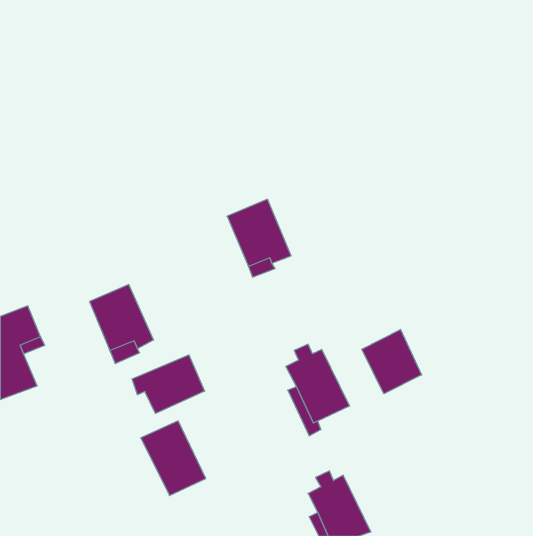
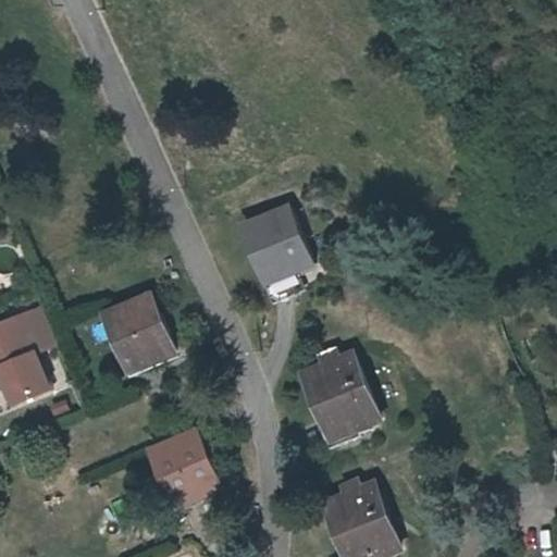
building: [362,329,422,394] -> none
building: [132,355,205,413] -> none

